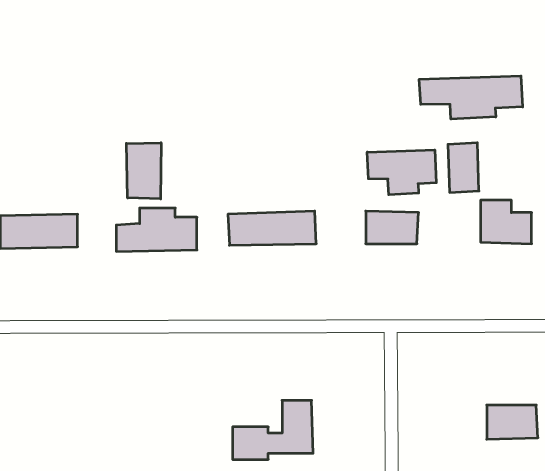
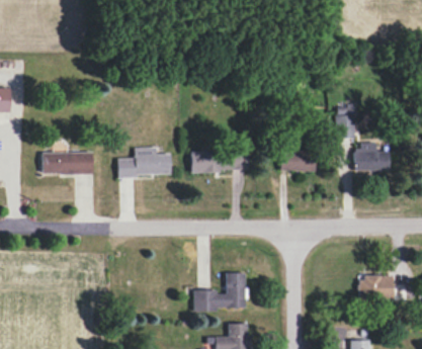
building: [419,76,523,119] -> none
building: [126,143,161,199] -> none
building: [367,150,436,195] -> none

